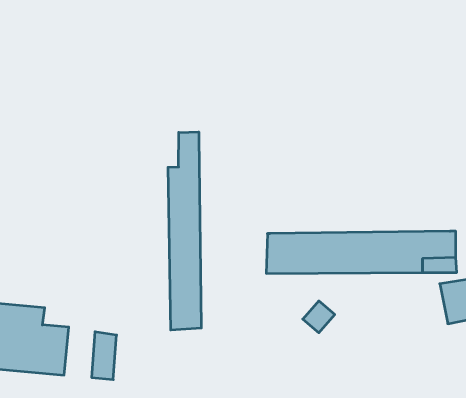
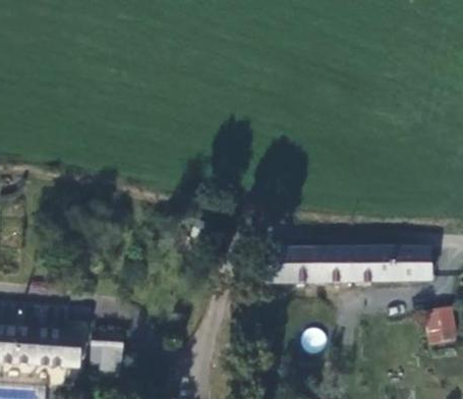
building: [168,132,201,330] -> none

